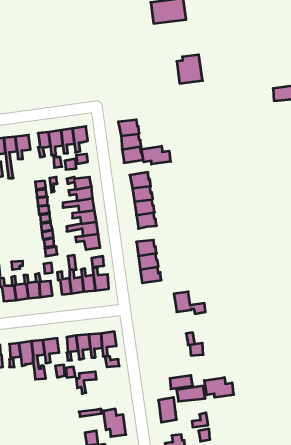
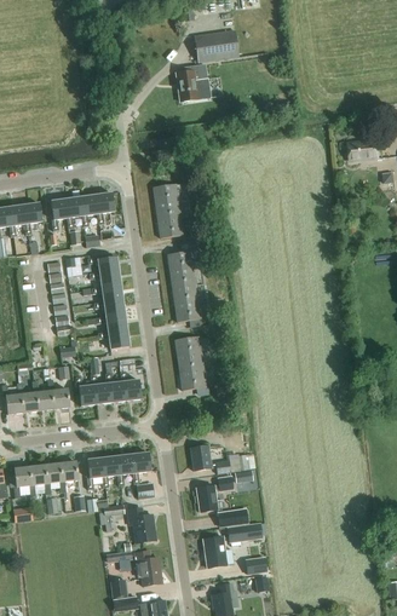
building: [177,55,203,83] -> [178,65,211,102]
building: [141,146,171,164] -> none
building: [174,292,205,314] -> [190,445,230,473]
building: none -> [196,476,232,512]
building: none -> [127,508,156,542]
building: [204,377,234,397] -> none

